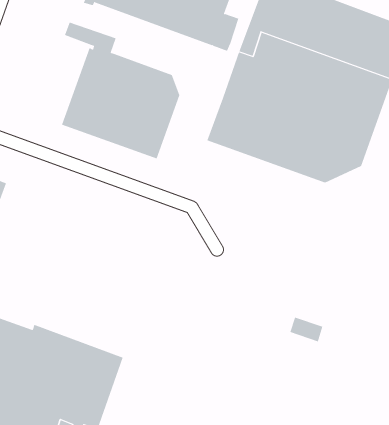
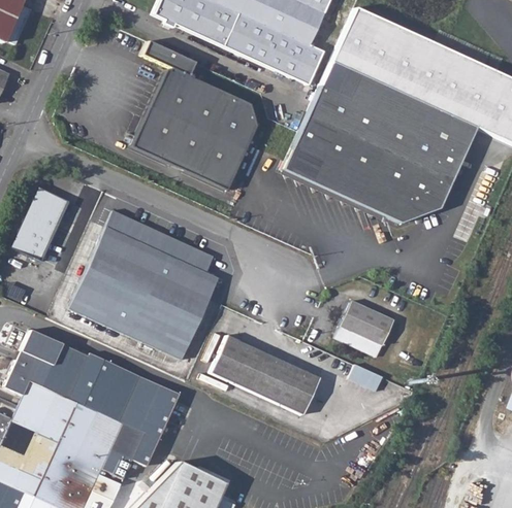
building: none -> [70,210,220,359]
building: none -> [334,298,394,353]
building: none -> [210,333,321,413]

